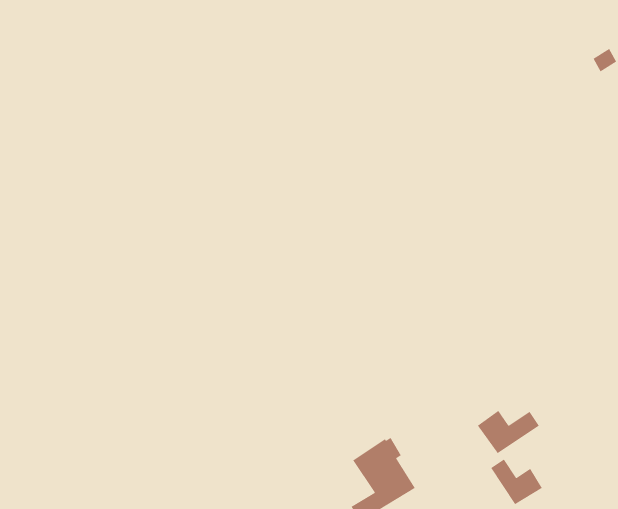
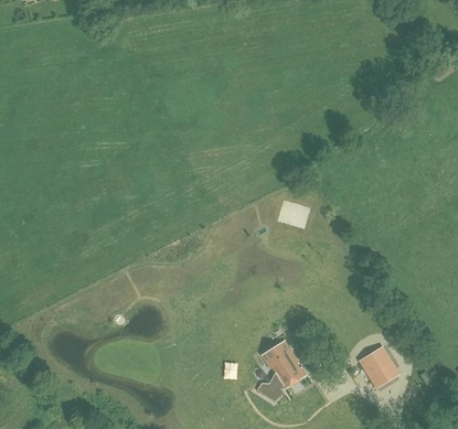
building: [477,410,540,454] -> none

